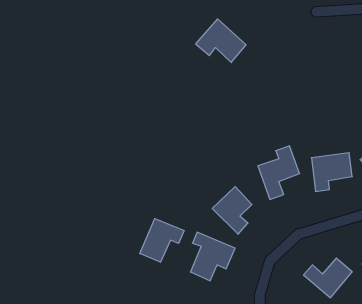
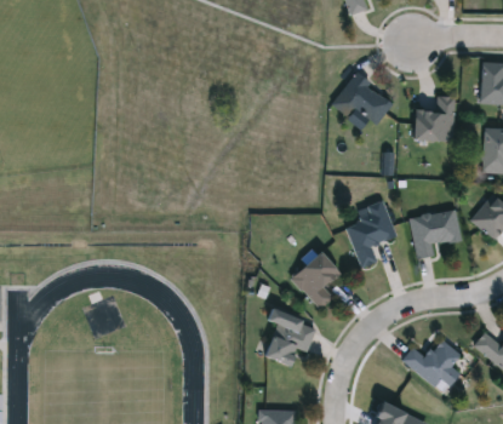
building: [196,19,246,63] -> [331,73,393,126]
building: none -> [411,96,455,142]
building: [140,219,184,262] -> none

